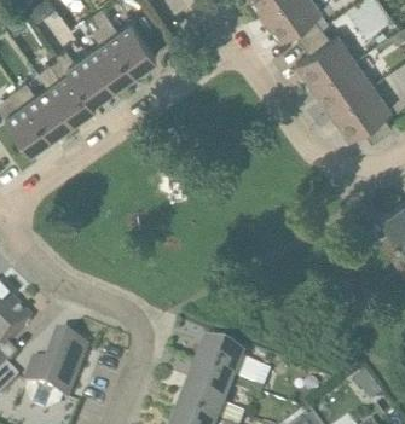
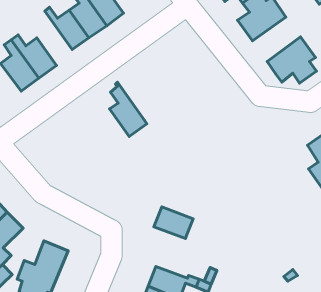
building: [48,54,94,121] -> [109,82,147,137]
building: [313,62,372,116] -> none
building: [195,343,243,382] -> [154,207,193,239]

